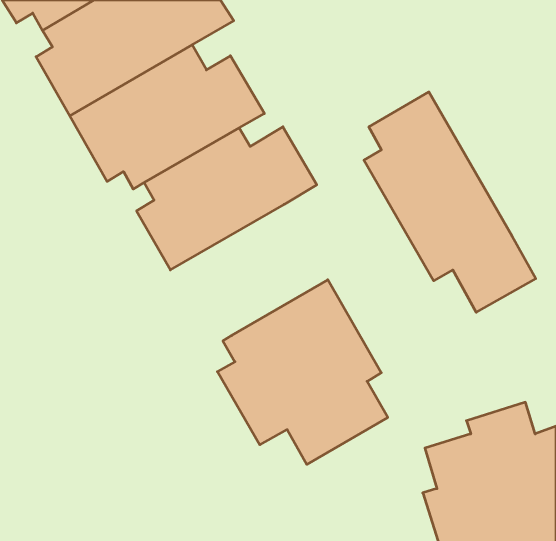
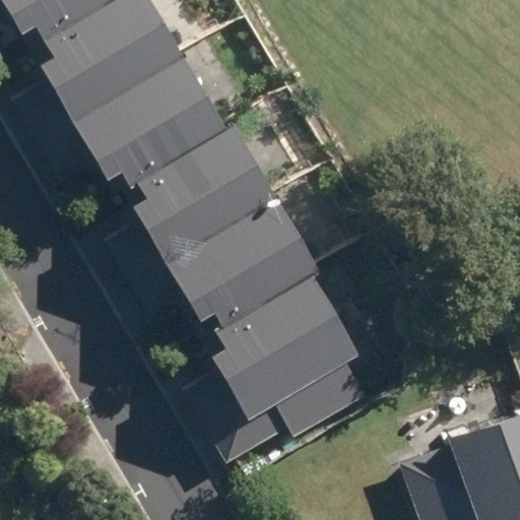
building: [364,92,536,312] -> none
building: none -> [158,181,347,328]

